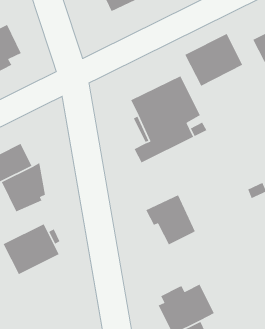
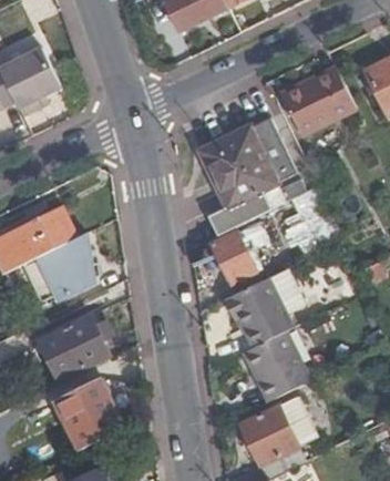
building: none -> [212,229,257,282]
building: none -> [245,328,312,399]
building: none -> [52,378,123,449]

